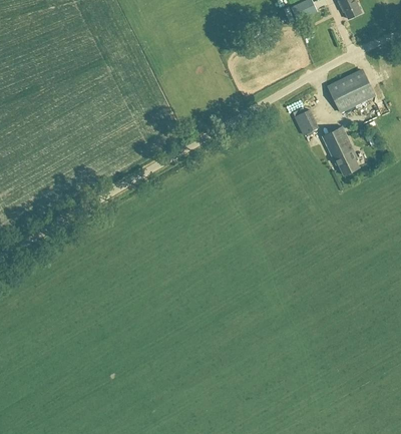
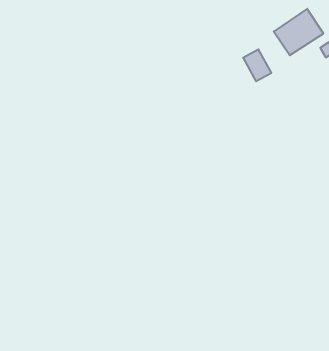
building: [321,126,359,175] -> none

